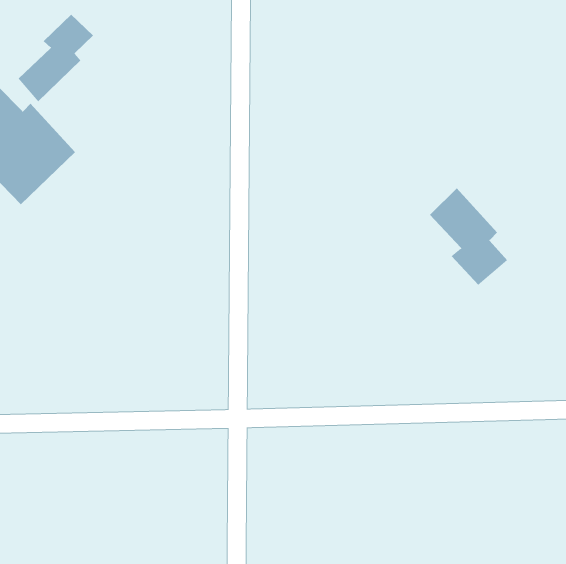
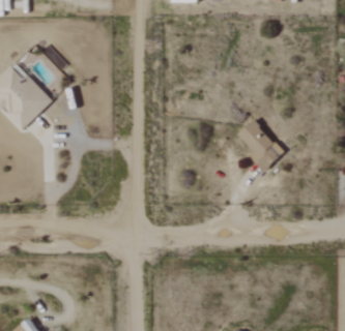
building: [18,14,94,102] -> none

